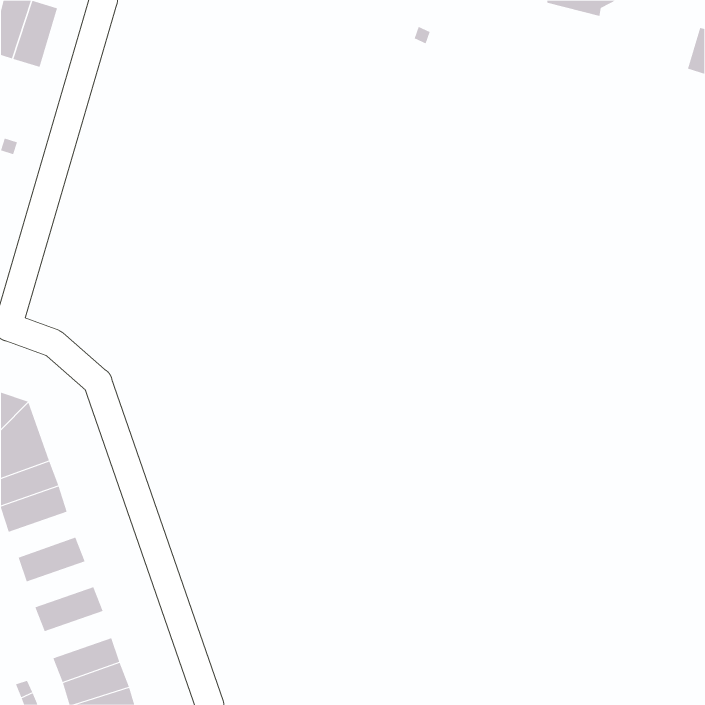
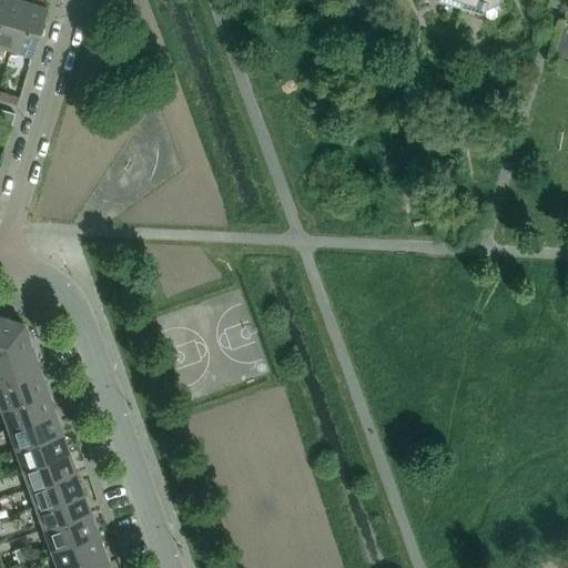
building: none -> [7,412,61,448]
building: none -> [21,452,75,488]
building: none -> [36,491,90,529]

